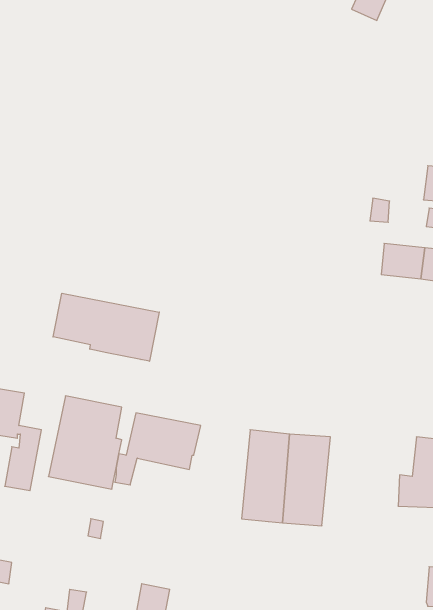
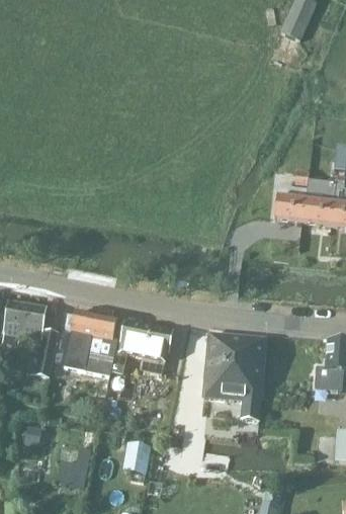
building: none -> [274,186,306,222]
building: [53,293,159,361] -> none

